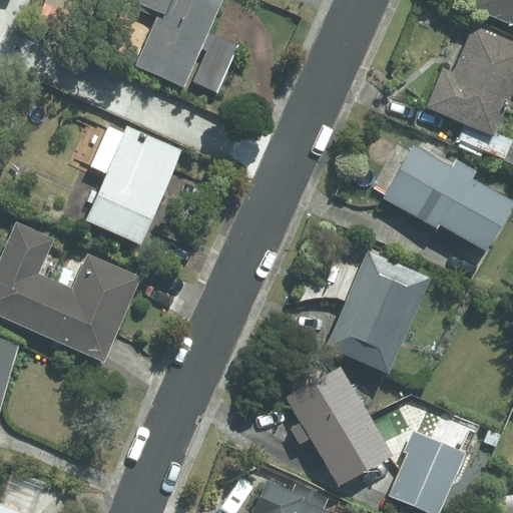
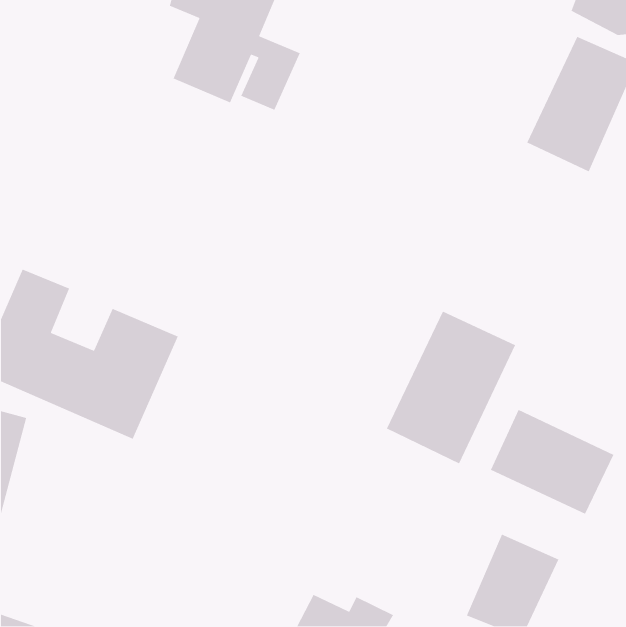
building: [95,122,189,238] -> none
building: [377,148,502,255] -> none
building: none -> [490,409,615,515]
building: [281,371,382,489] -> none

